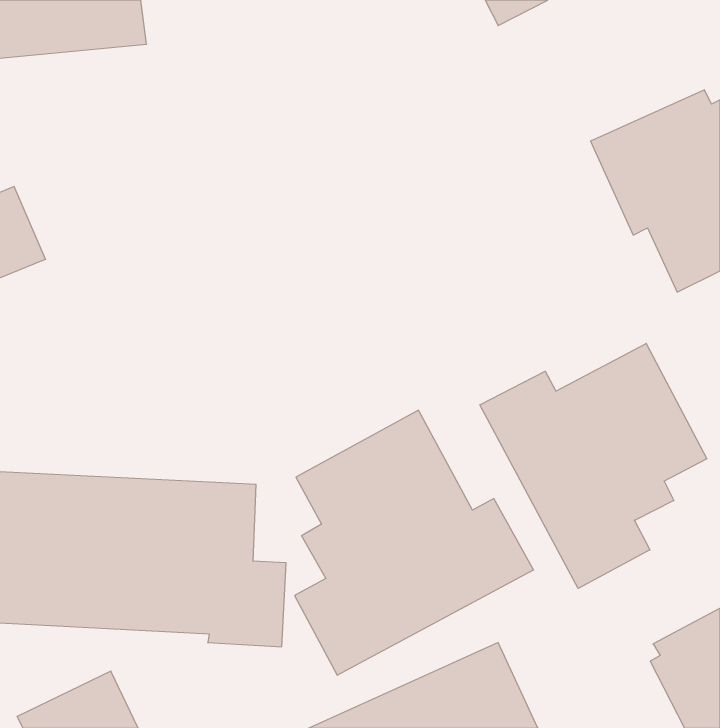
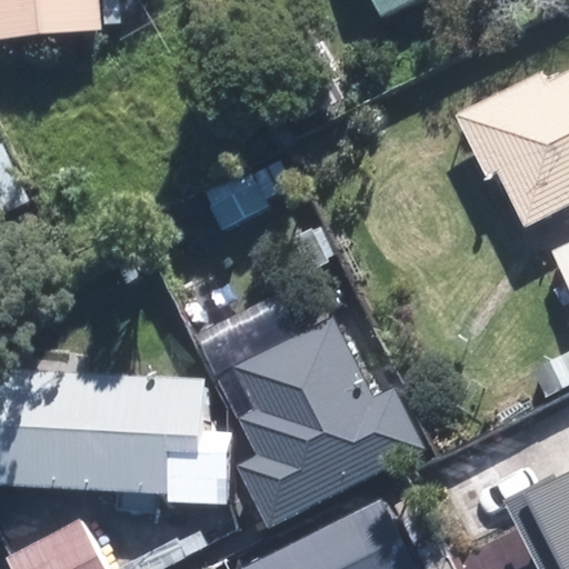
building: [480,343,707,588] -> none

